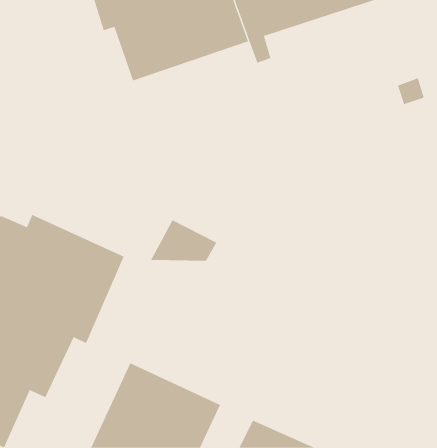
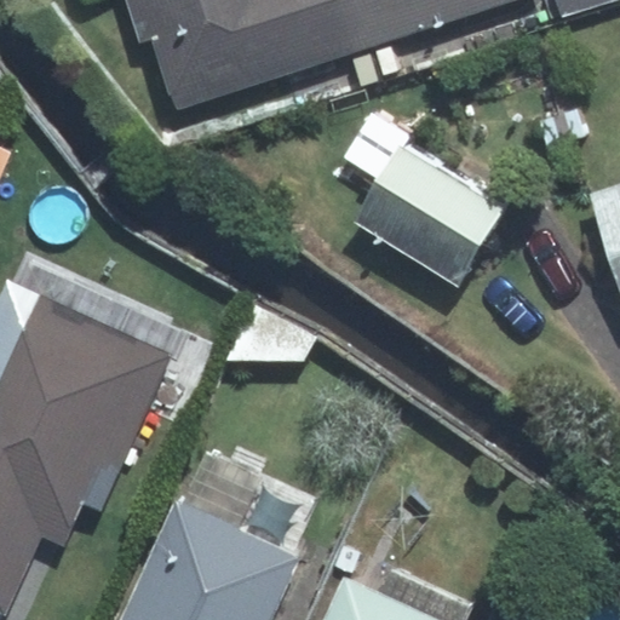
building: none -> [366,148,513,288]

